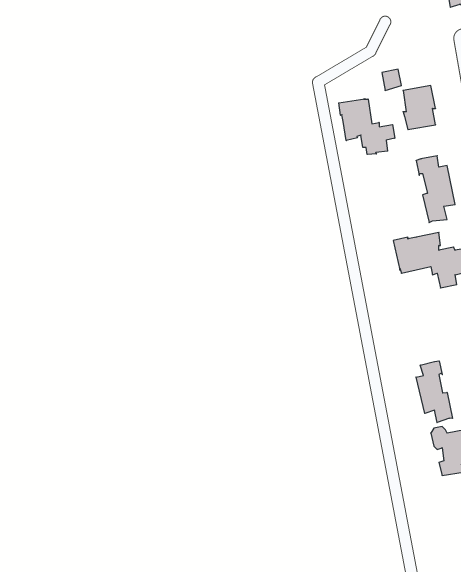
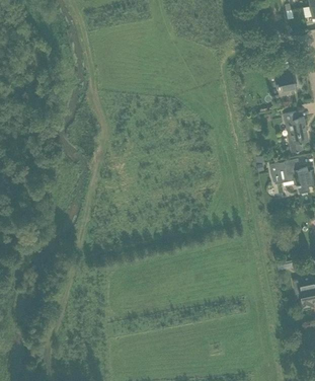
building: [339,99,395,154] -> none
building: [416,361,453,423] -> none

